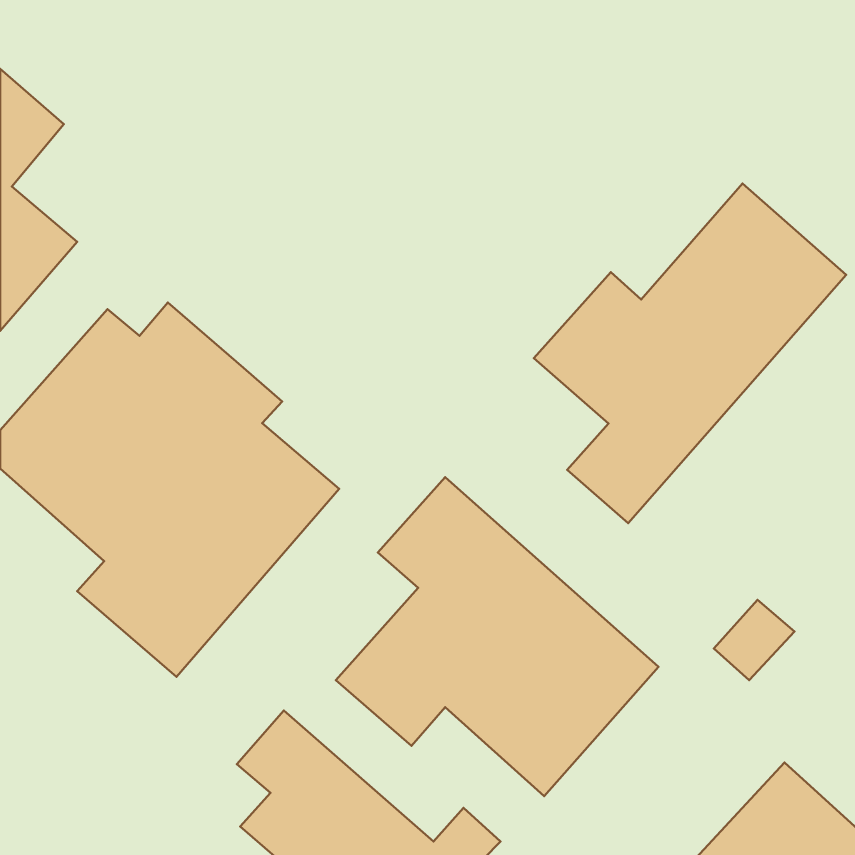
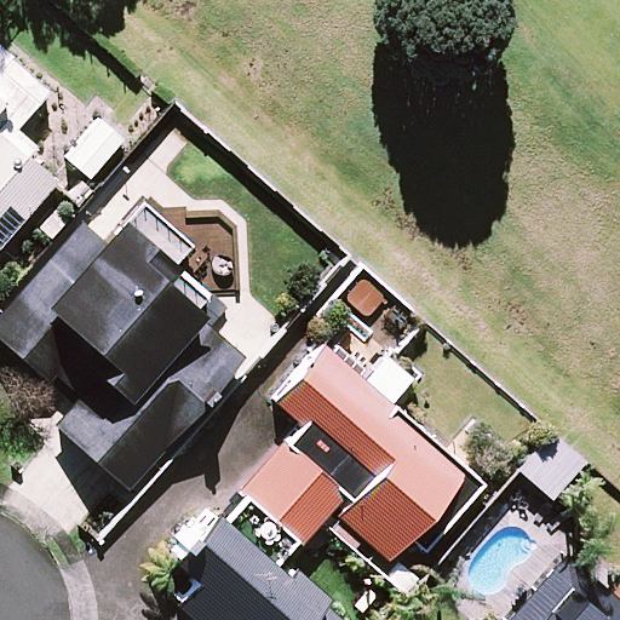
building: [534,183,846,523] -> none

